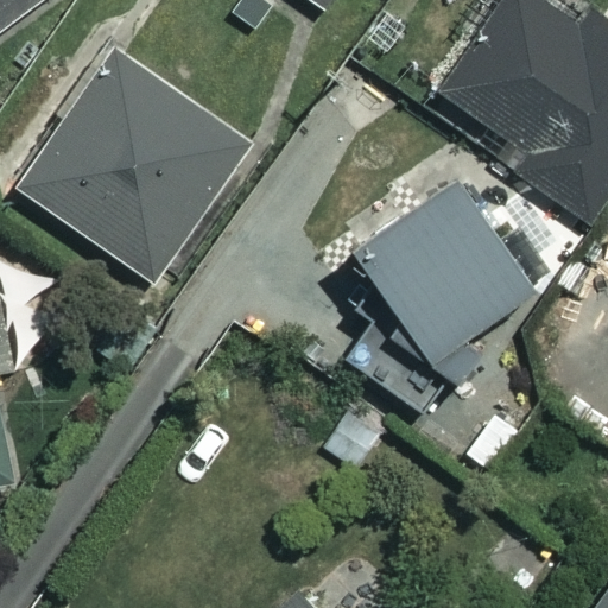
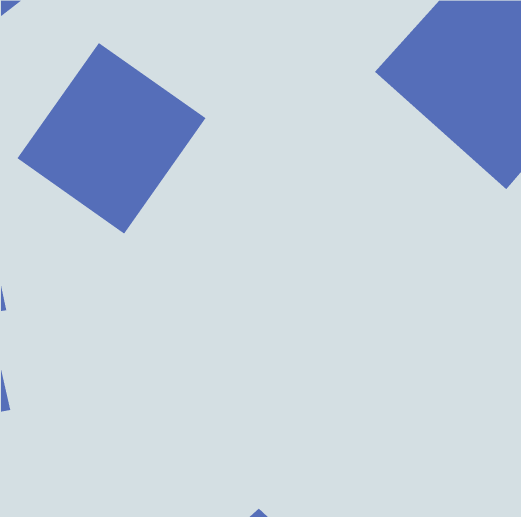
building: [352,172,534,417] -> none

